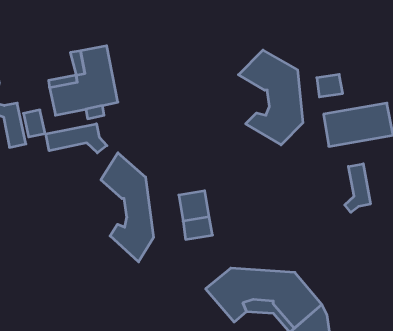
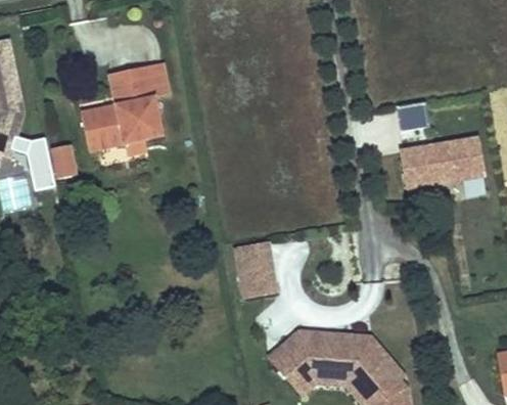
building: [238,50,303,145] -> none
building: [46,124,107,153] -> none
building: [101,153,154,262] -> none
building: [345,164,370,212] -> none

